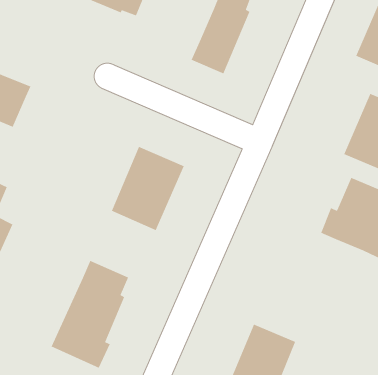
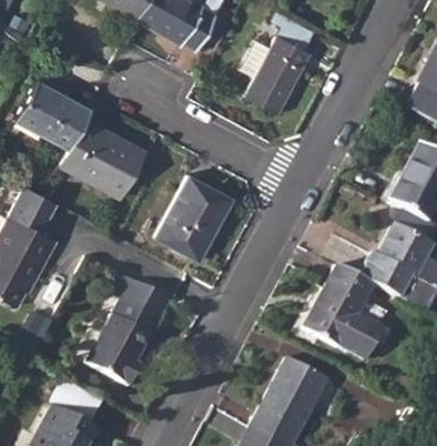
building: none -> [60,118,144,195]
building: none -> [301,263,383,359]

